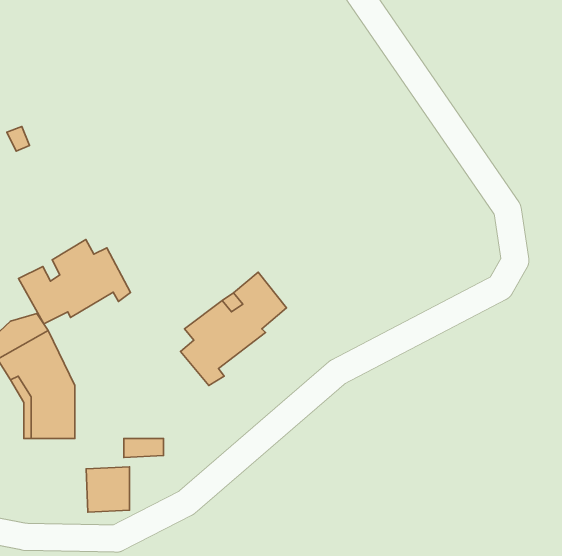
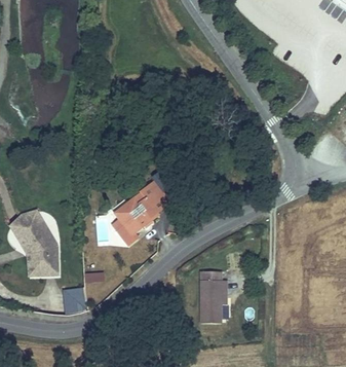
building: [19,240,130,324] -> none
building: none -> [199,272,221,325]

